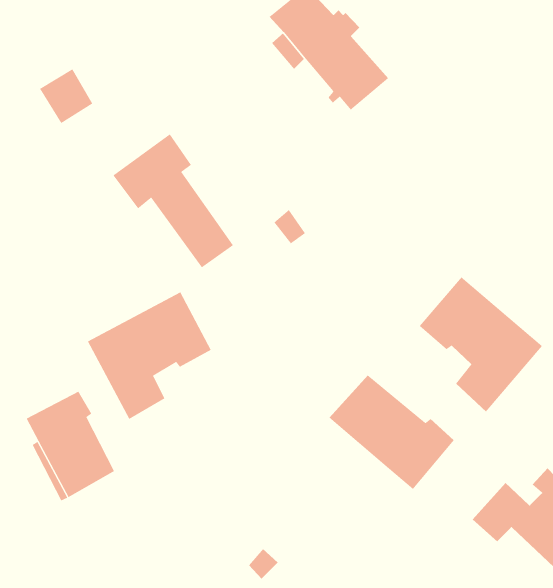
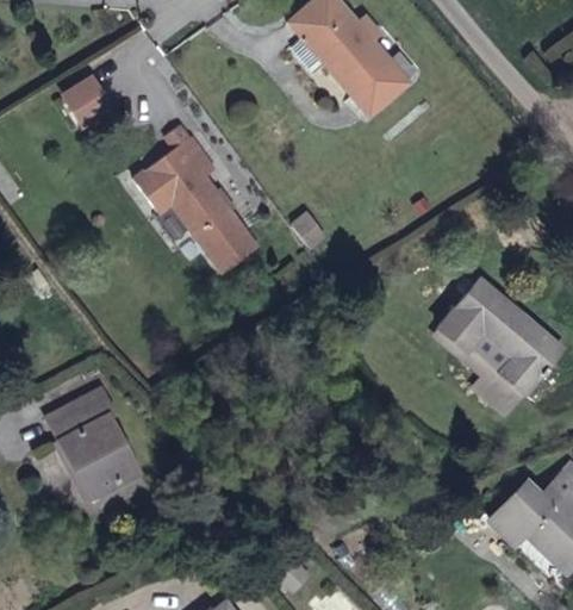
building: [87,292,212,420] -> none
building: [328,374,455,490] -> none

